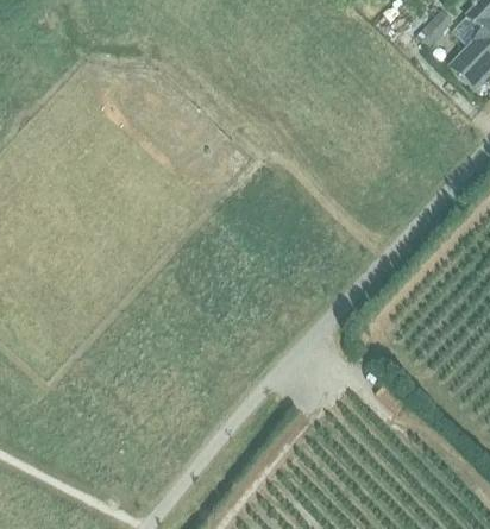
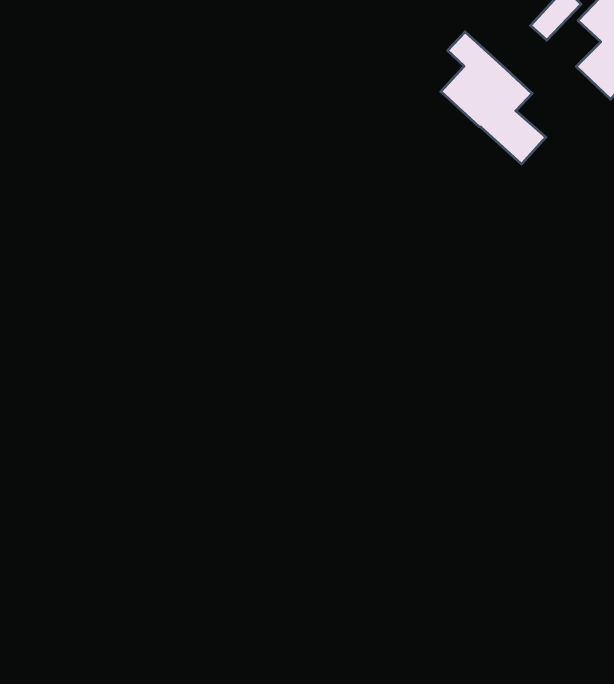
building: none -> [441,32,546,164]

